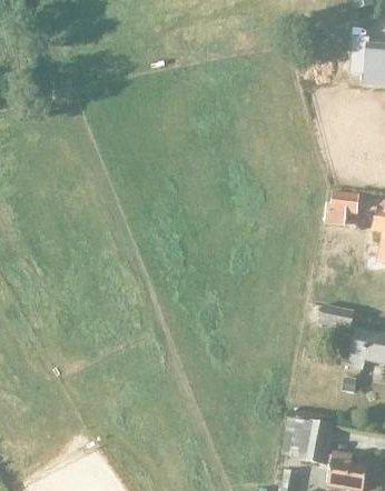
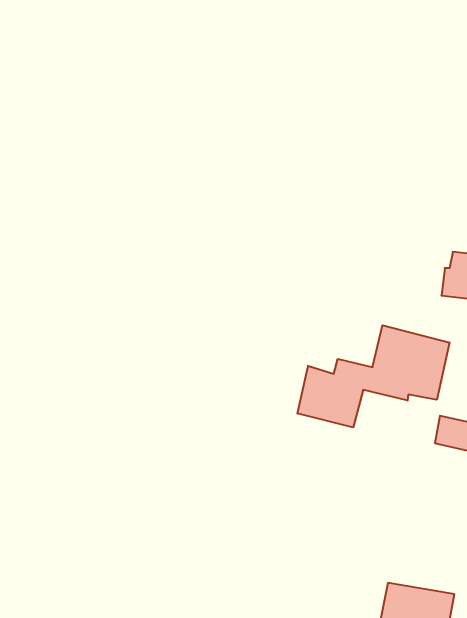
building: none -> [297,325,449,427]

